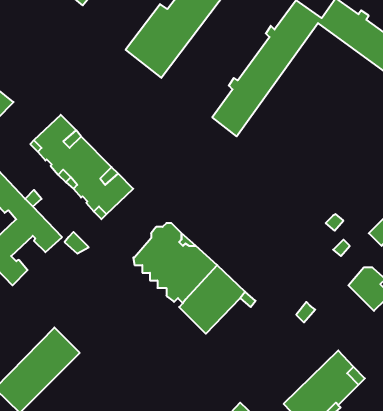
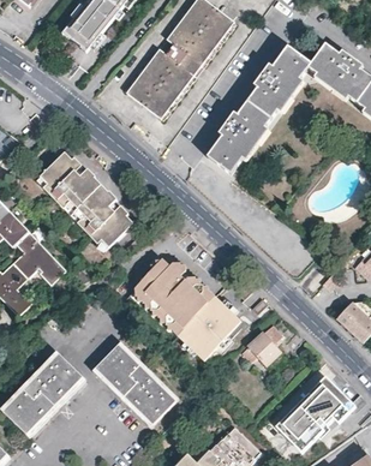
building: none -> [240,317,291,365]
building: none -> [95,345,175,425]

